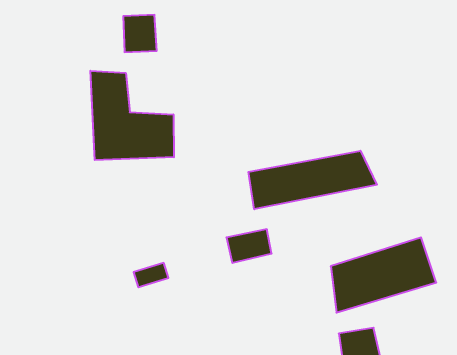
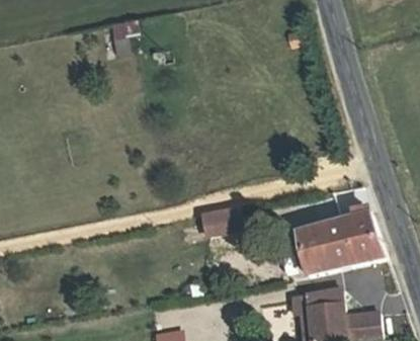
building: [90,71,174,160] -> none
building: [248,151,377,209] -> none

